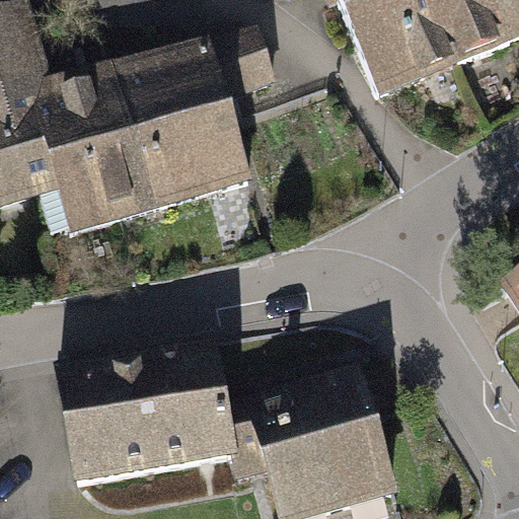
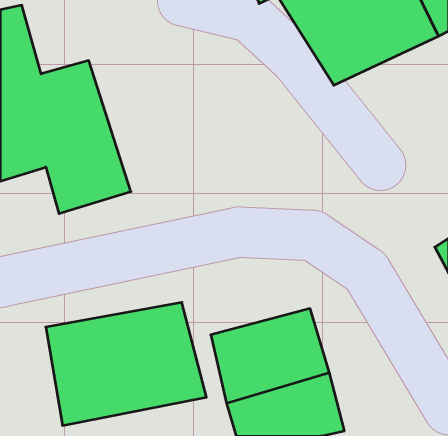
building: [103,19,278,221] -> none

